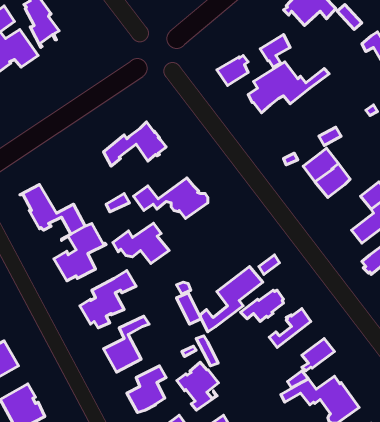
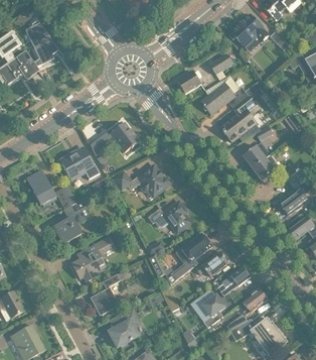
building: none -> [221,95,256,140]
building: none -> [61,147,101,178]
building: [113,223,169,263] -> [148,201,191,232]
building: [177,362,219,410] -> [192,289,224,327]

